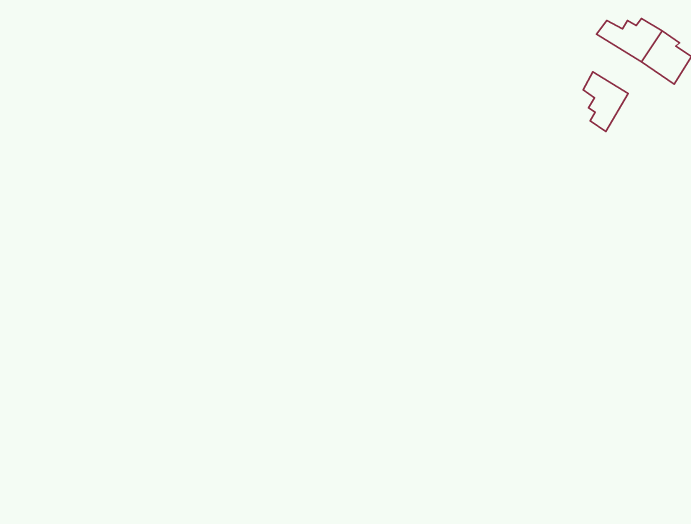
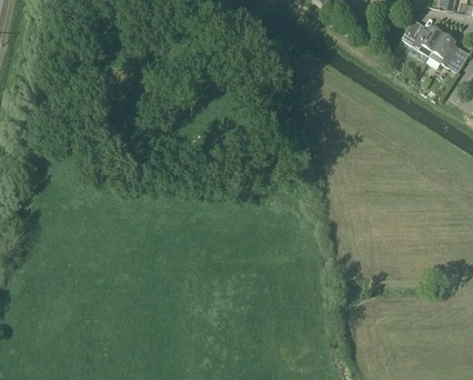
building: [583,72,628,131] -> none

